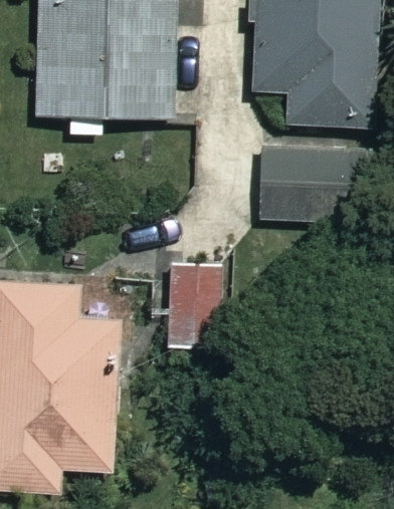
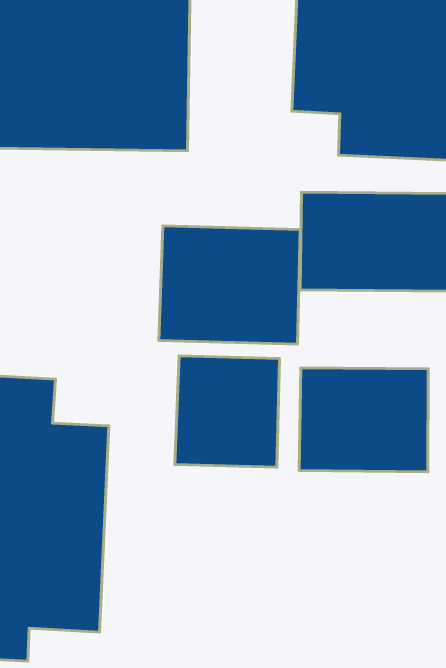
building: none -> [159,226,300,344]
building: none -> [299,368,428,472]

